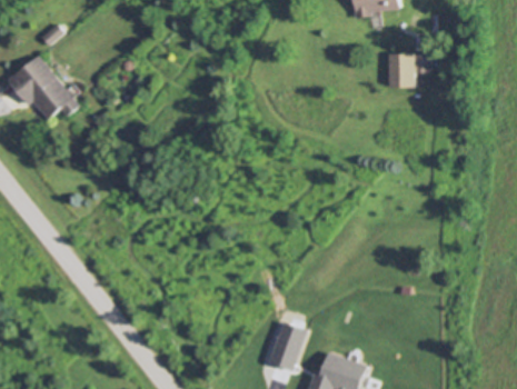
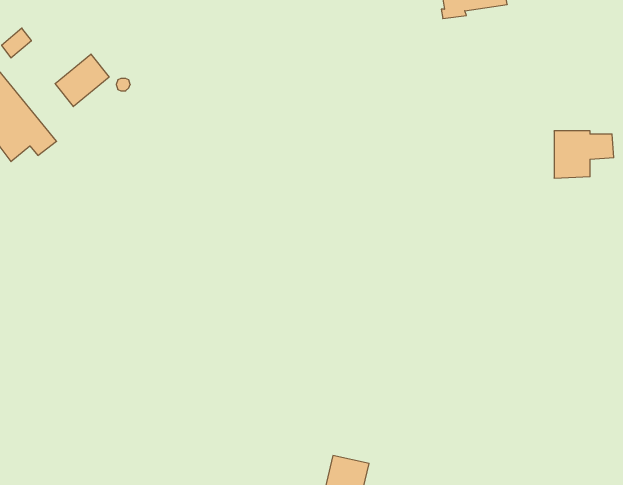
building: none -> [55,54,109,107]
building: [388,54,430,88] -> [554,131,614,178]

